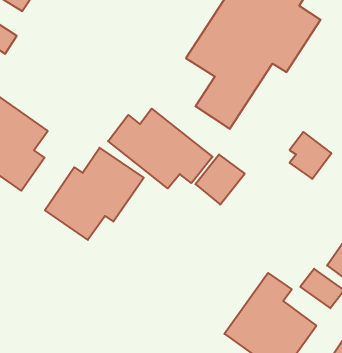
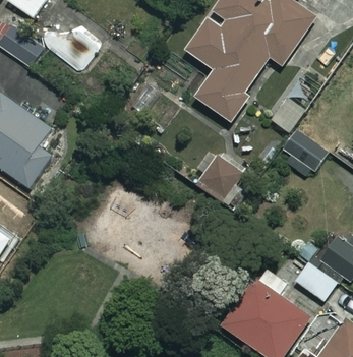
building: [108,109,213,188] -> none
building: [45,148,144,240] -> none

